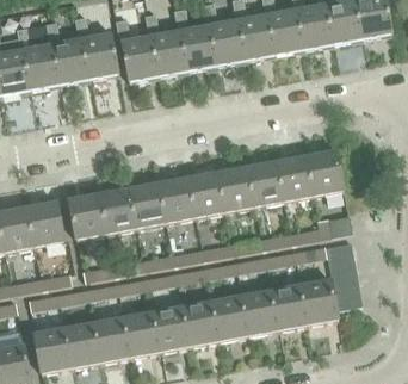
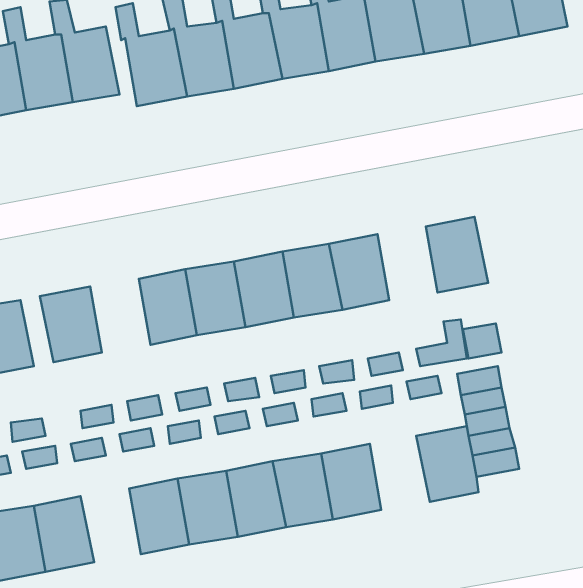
building: [276,155,313,200] -> none
building: [99,187,136,233] -> none
building: [271,284,308,329] -> none
building: [93,316,130,361] -> none

